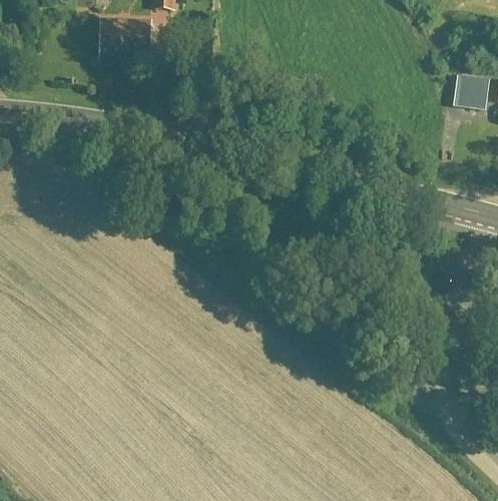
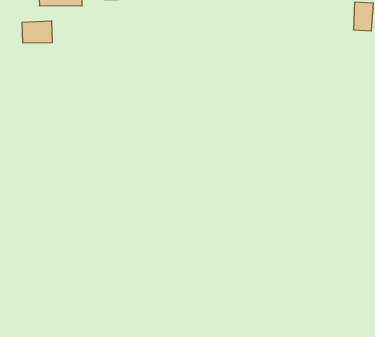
building: none -> [22,21,52,43]

